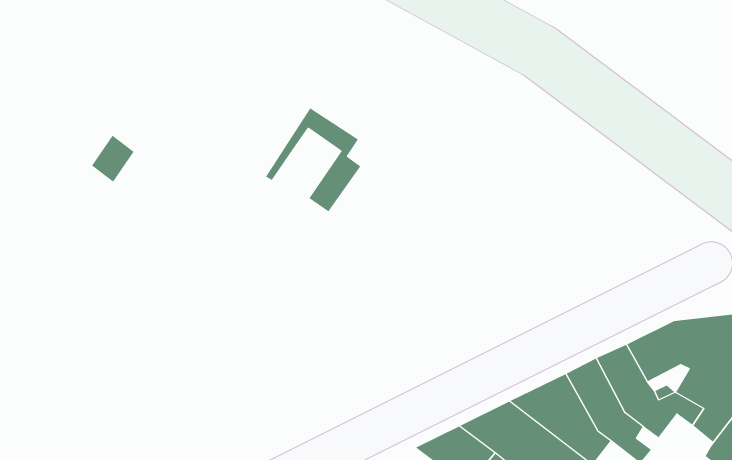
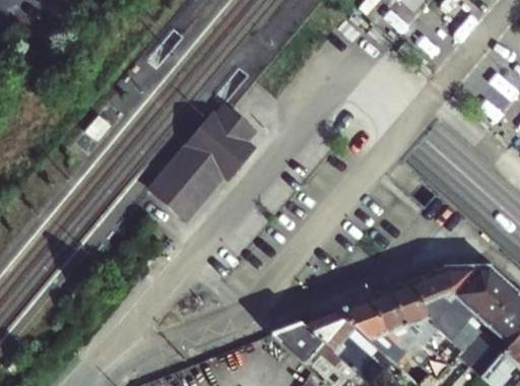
building: none -> [158,124,243,218]

